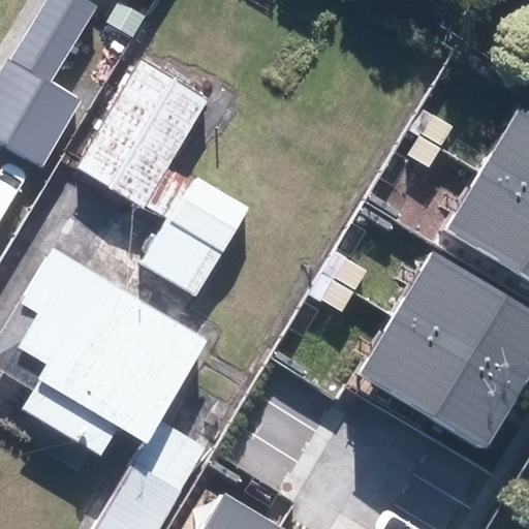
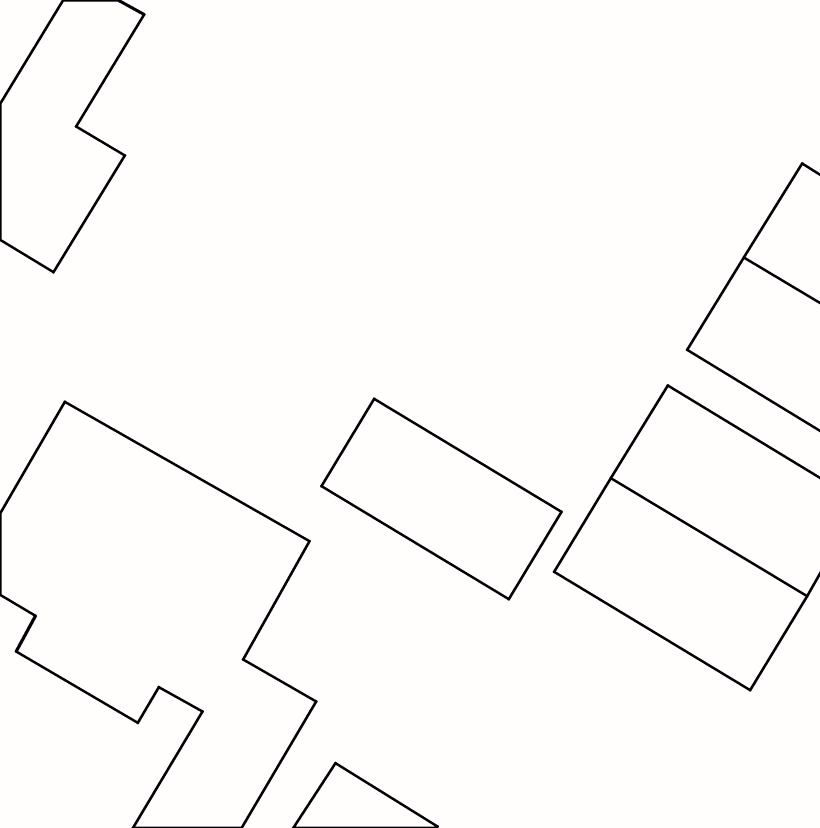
building: [75,62,248,304] -> none
building: none -> [322,399,562,599]

